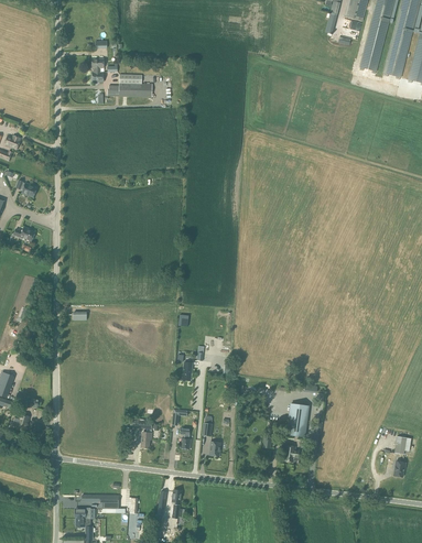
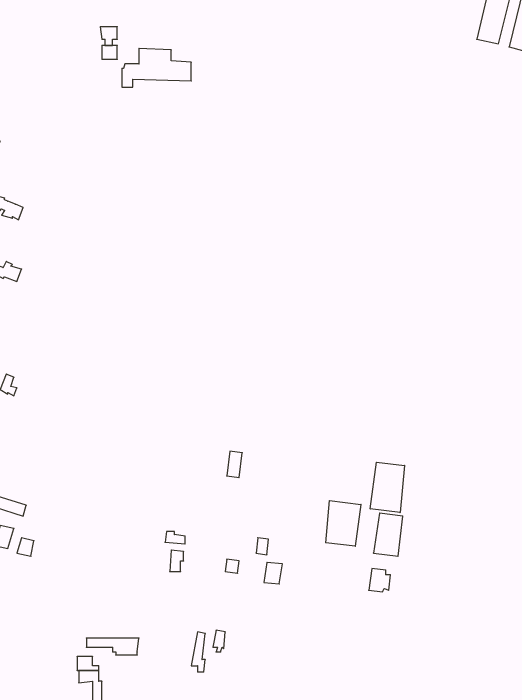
building: none -> [370,462,405,513]
building: none -> [326,501,361,546]

